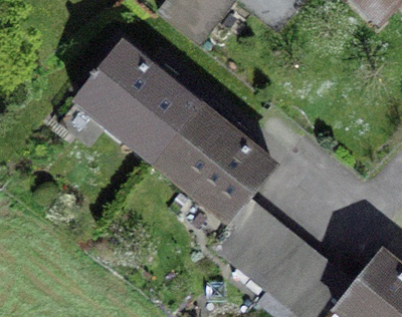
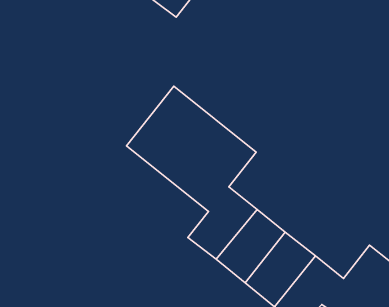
building: [75,44,197,161] -> none

